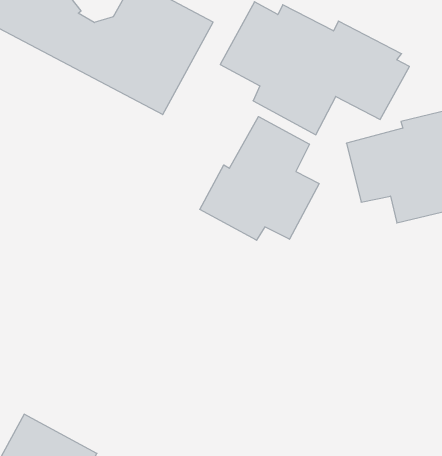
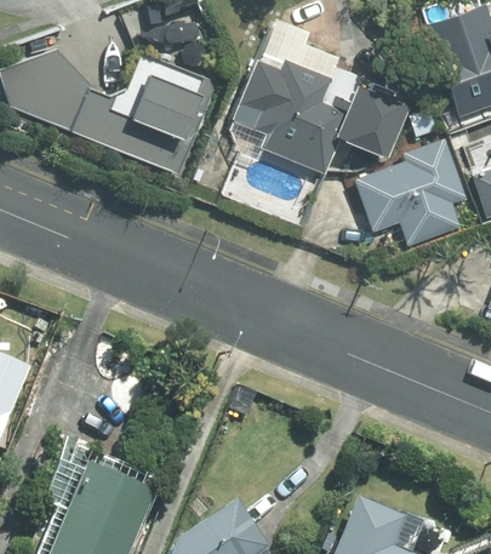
building: [200,117,319,240] -> none

